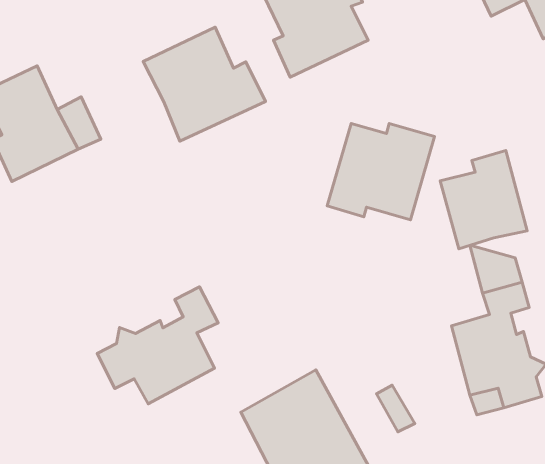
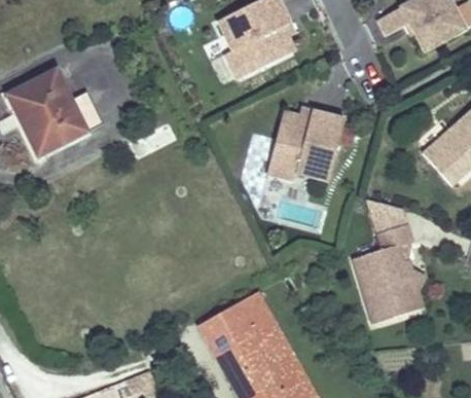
building: [143,27,265,141] -> none
building: [440,151,527,249] -> none
building: [97,287,218,404] -> none

